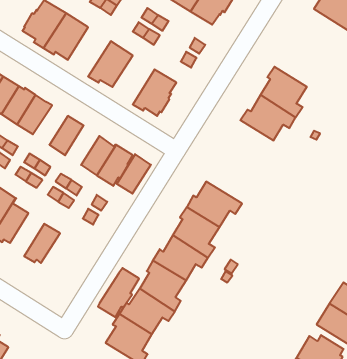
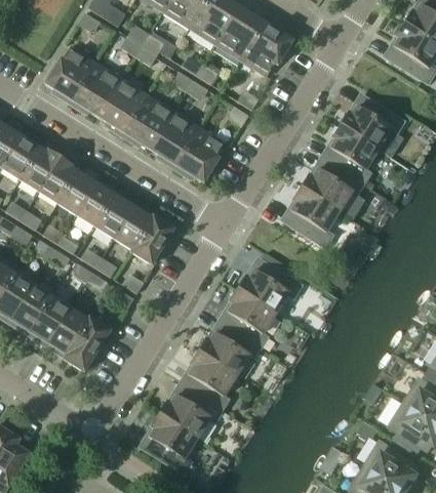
building: none -> [97,79,148,136]
building: none -> [340,95,404,149]
building: none -> [150,112,199,169]
building: none -> [56,170,97,216]
building: none -> [283,188,339,248]
building: [117,154,151,194] -> [94,194,134,240]
building: none -> [30,296,70,346]
building: [98,268,139,317] -> [64,314,112,371]

